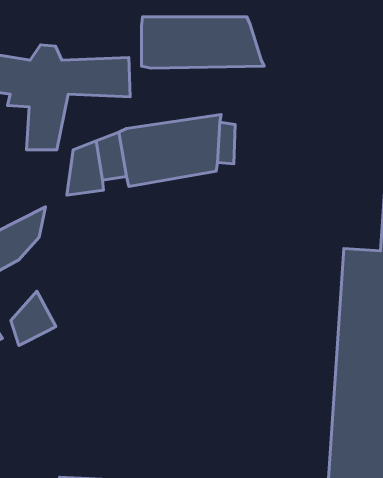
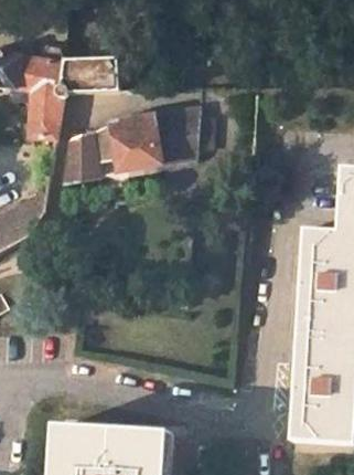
building: [141,17,264,68] -> none
building: [11,291,56,345] -> none

